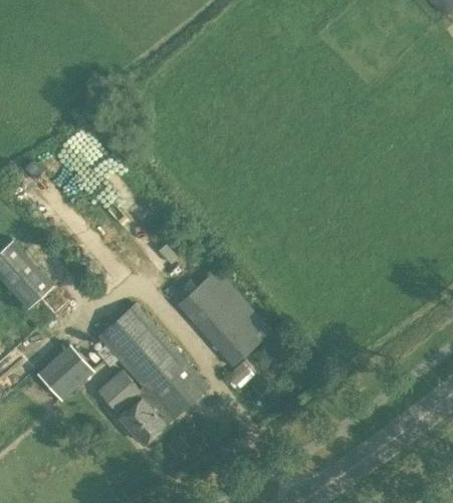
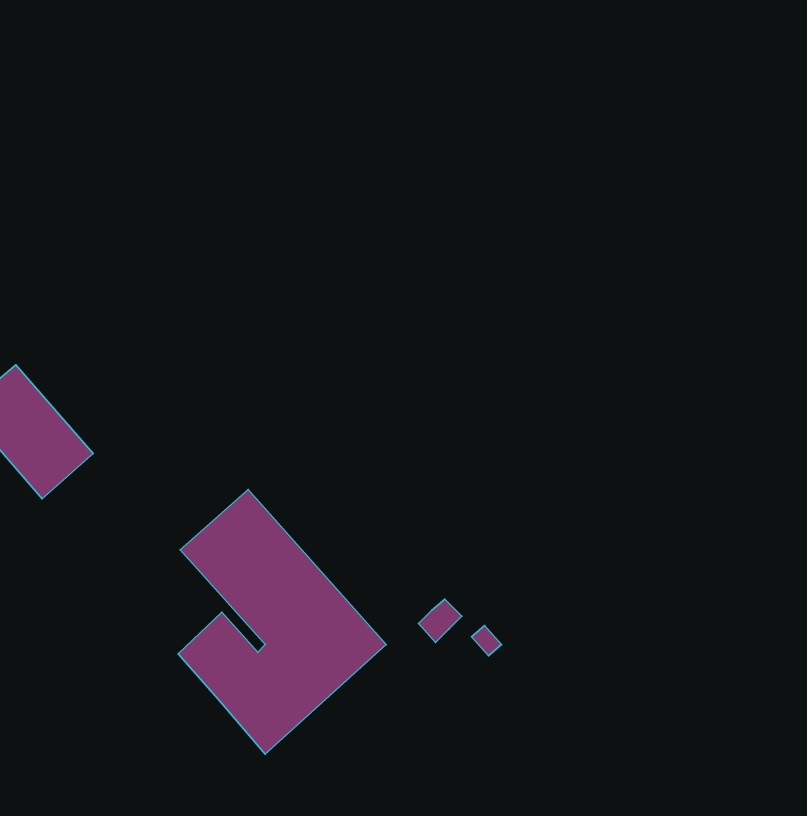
building: [176,268,272,366] -> none
building: [39,343,92,398] -> none

